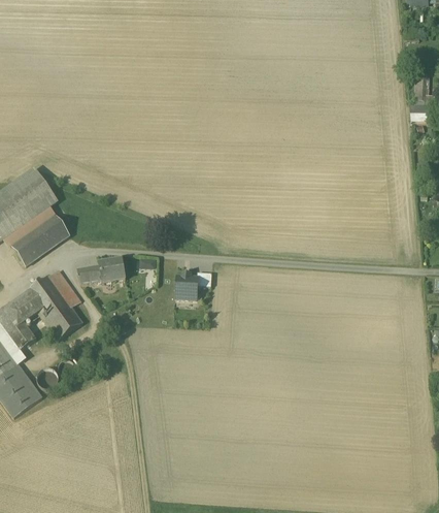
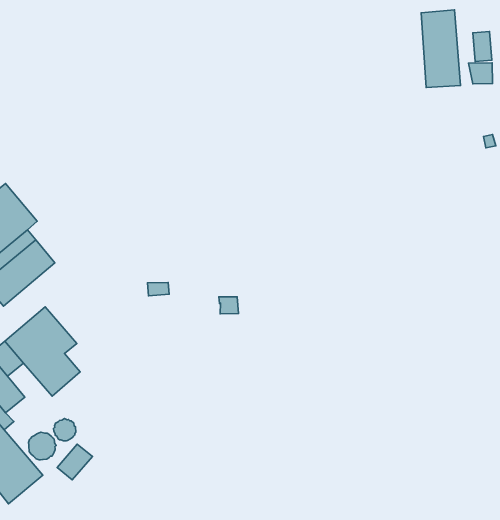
building: none -> [421,10,461,87]
building: [77,259,126,284] -> none
building: [176,276,198,298] -> none
building: none -> [57,444,92,480]

